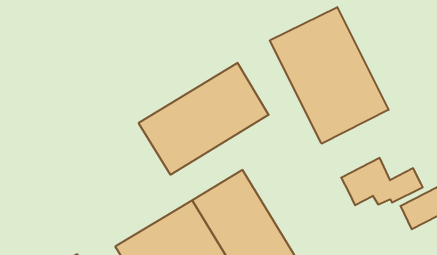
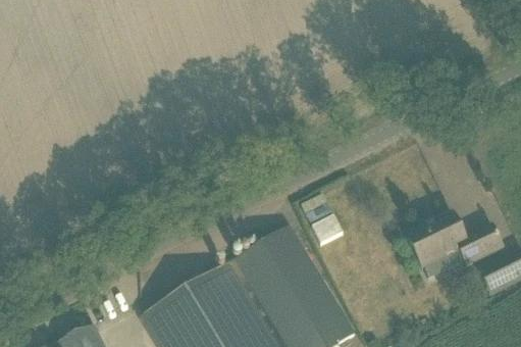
building: [270,7,389,144] -> none
building: [139,63,269,175] -> none

